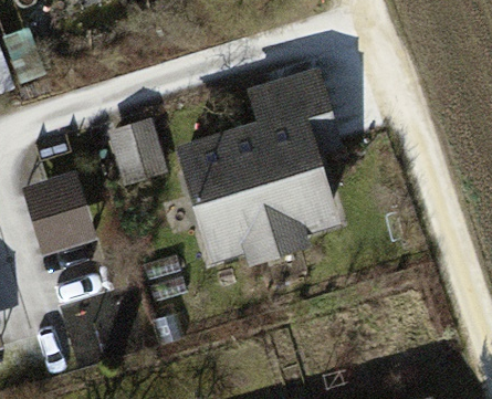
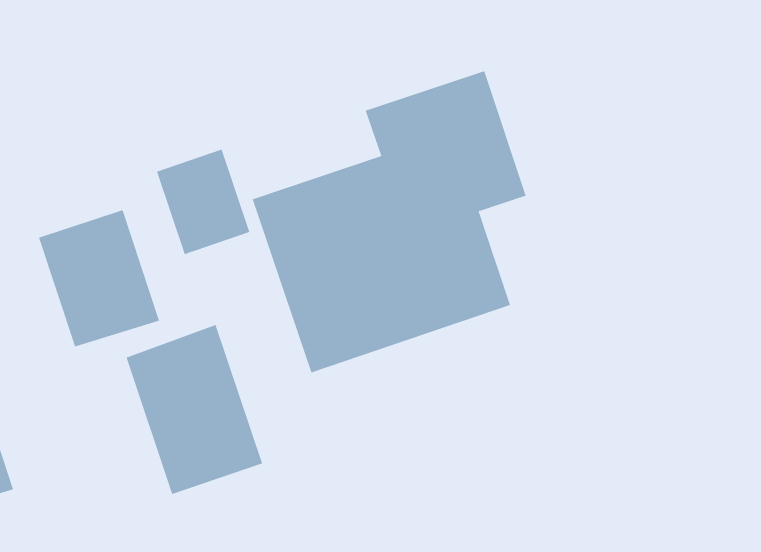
building: none -> [126,324,263,495]

